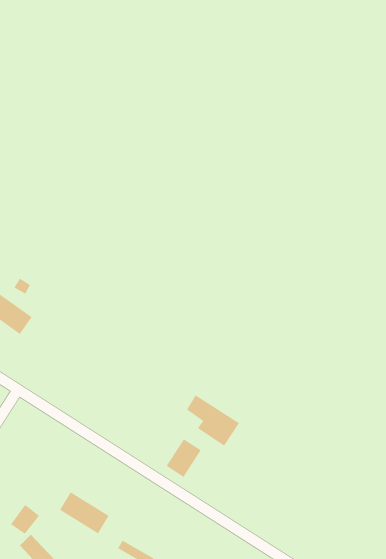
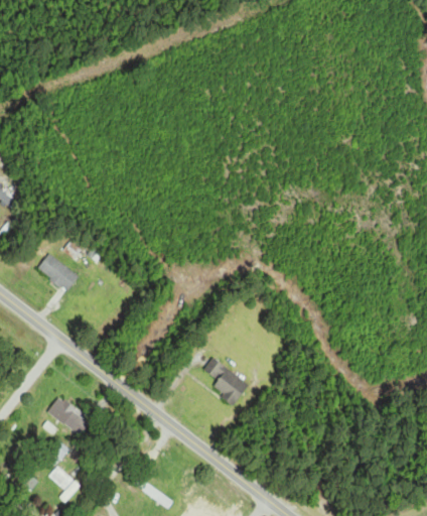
building: [166,438,202,478] -> none
building: [59,491,110,534] -> [46,397,90,436]

